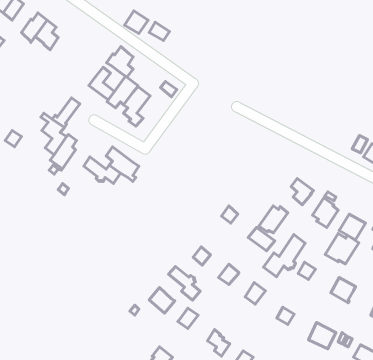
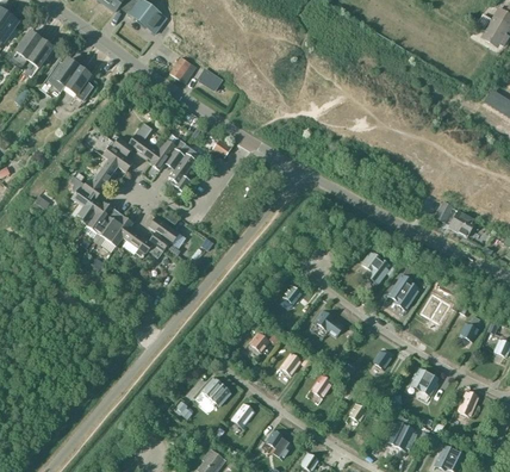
building: [107,47,133,77] -> [101,135,132,170]
building: none -> [95,215,132,253]
building: [259,206,288,233] -> none
building: [325,234,359,264] -> none
building: [264,235,305,277] -> none
building: [169,266,200,300] -> none

